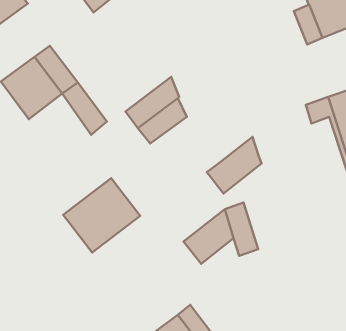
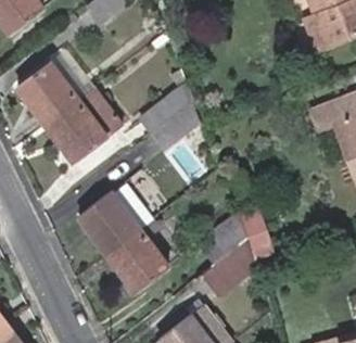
building: none -> [44,100,105,165]
building: [207,137,261,193] -> [200,241,253,296]
building: none -> [106,219,168,293]

